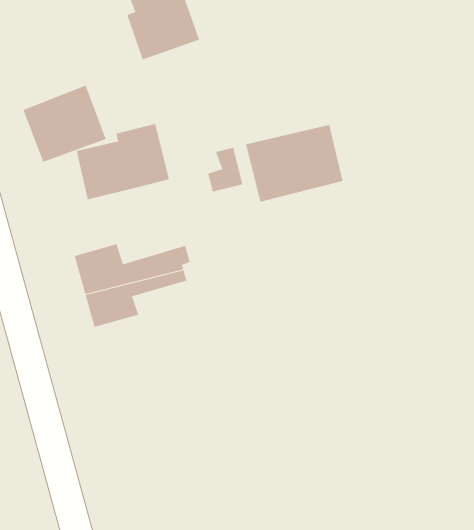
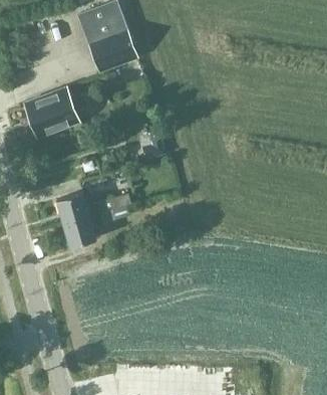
building: [76,123,169,200] -> none
building: [245,124,343,203] -> none

